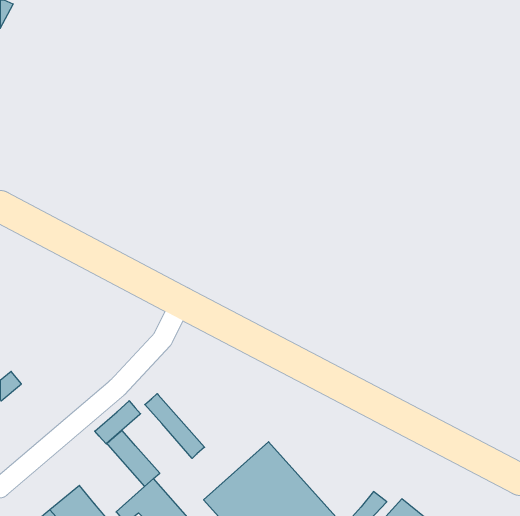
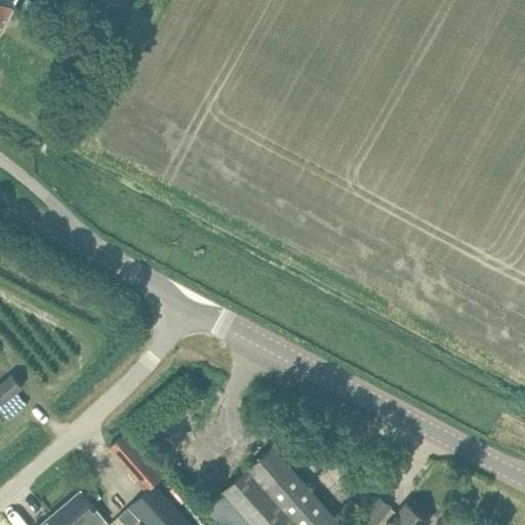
building: [145,394,205,458] -> none
building: [95,401,141,444] -> none

